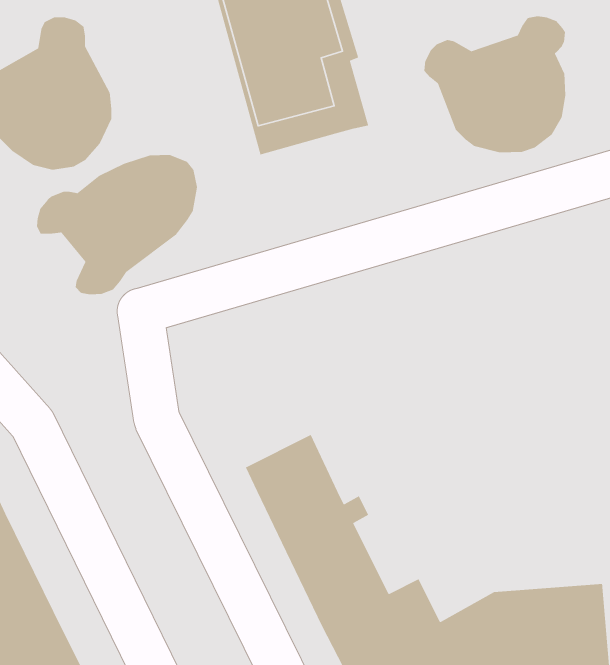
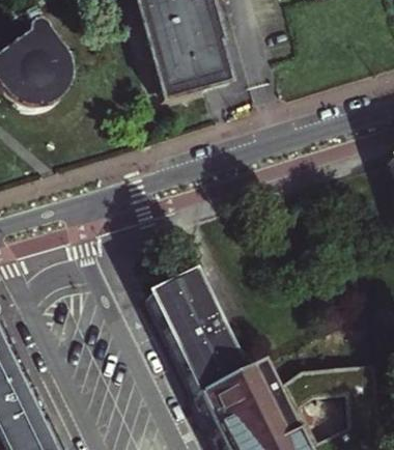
building: [424,16,566,153] -> none
building: [36,154,198,295] -> none

